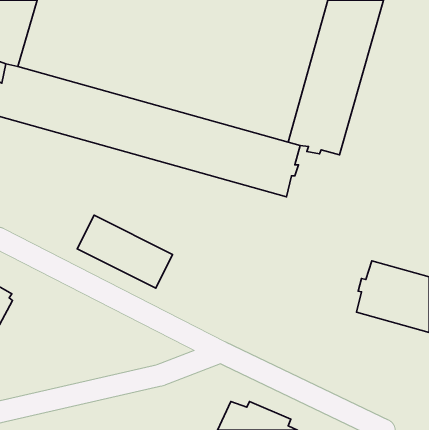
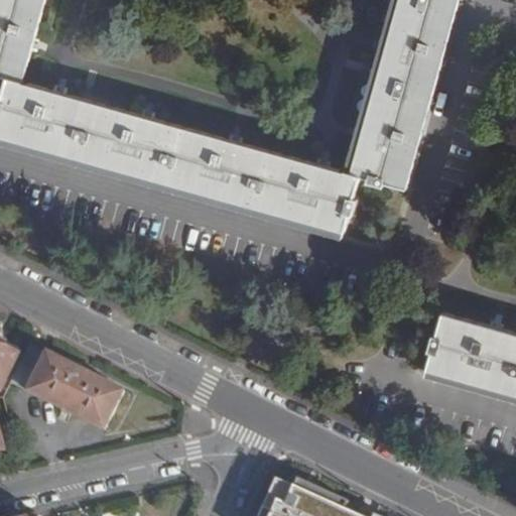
building: [77,215,173,288] -> [9,344,123,431]

